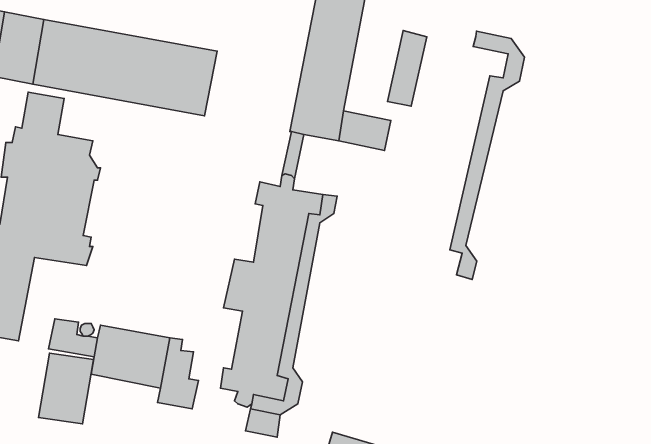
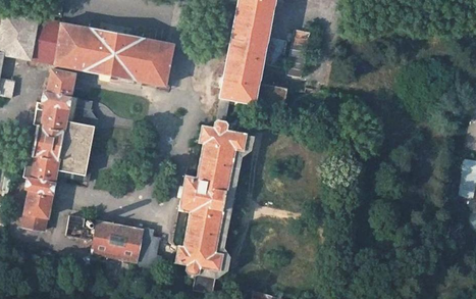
building: [450,31,525,280] -> none
building: [38,353,94,424] -> none

